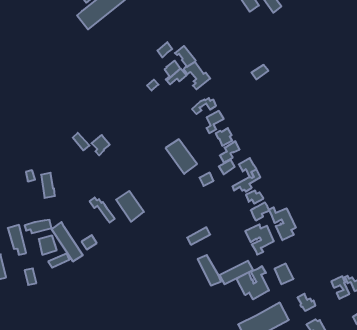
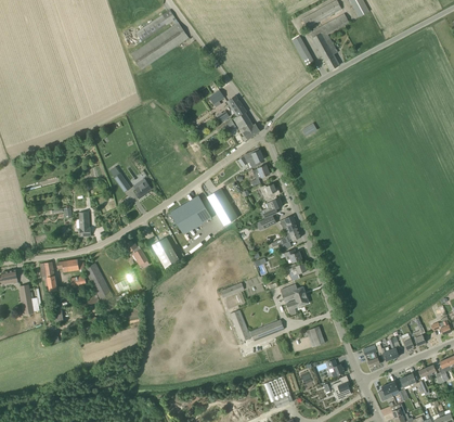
building: none -> [169,194,211,233]
building: [269,207,296,240] -> none
building: [237,266,269,299] -> none

